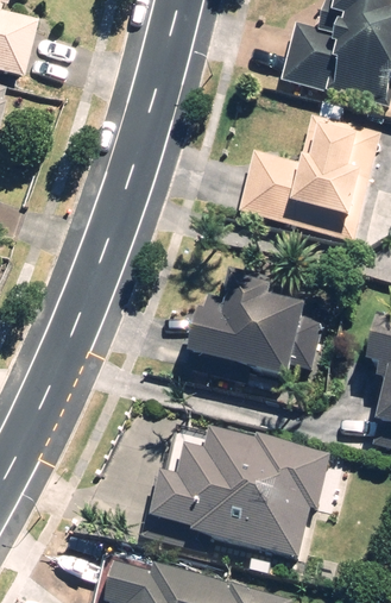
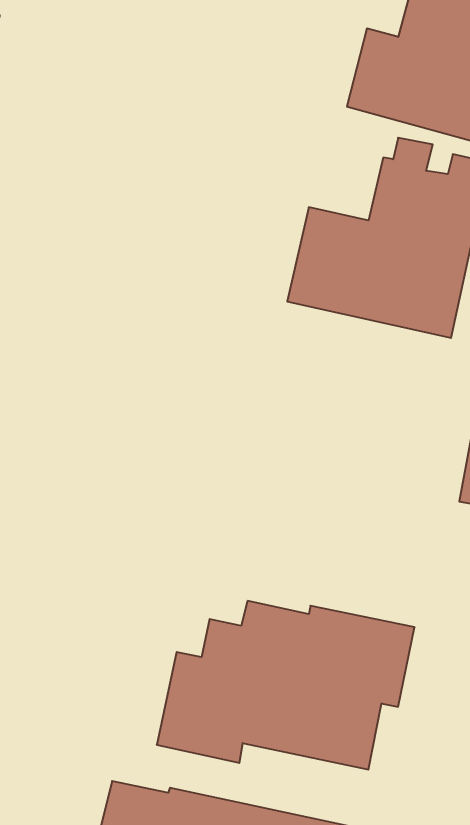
building: [188,264,305,376] -> none

